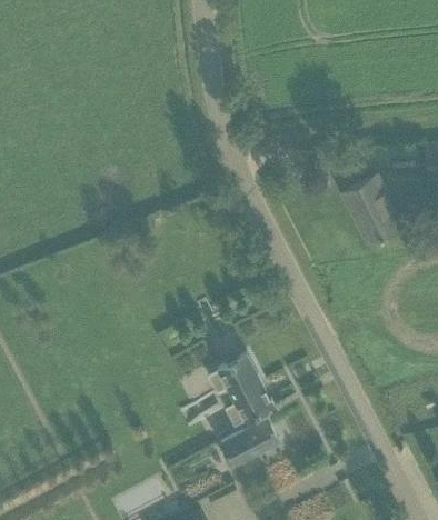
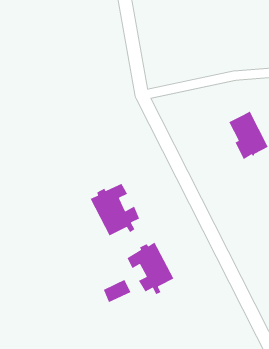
building: none -> [89,183,140,237]
building: [220,421,281,470] -> none

